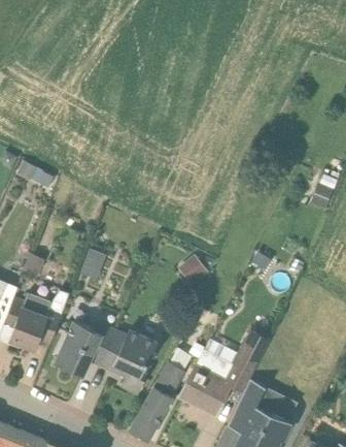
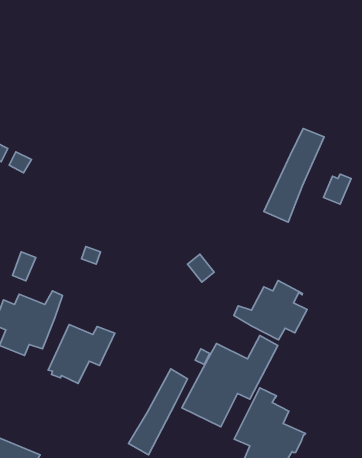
building: none -> [264,129,324,222]
building: none -> [234,280,307,340]
building: [102,329,155,393] -> none

